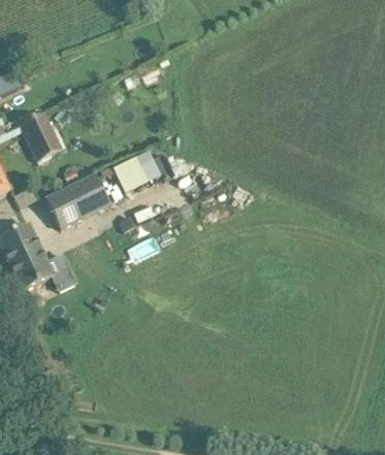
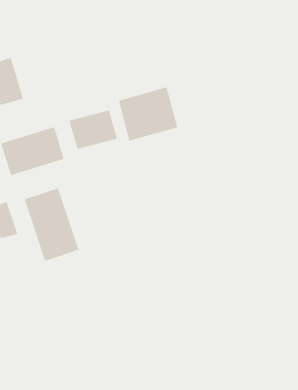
building: none -> [118,86,178,142]
building: none -> [24,188,79,262]

